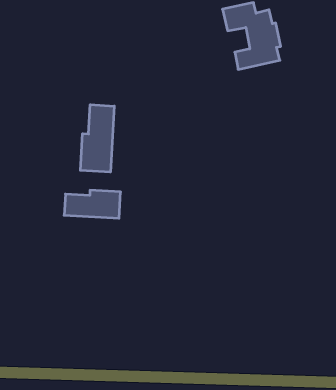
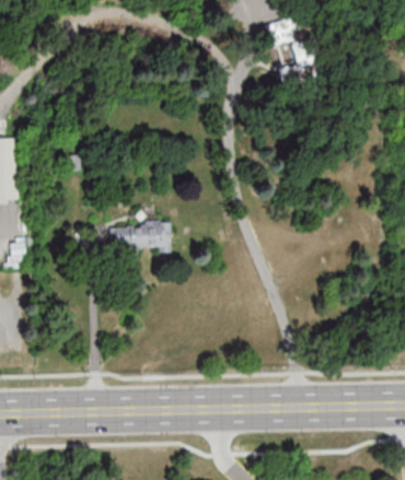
building: [80,105,114,172] -> none

